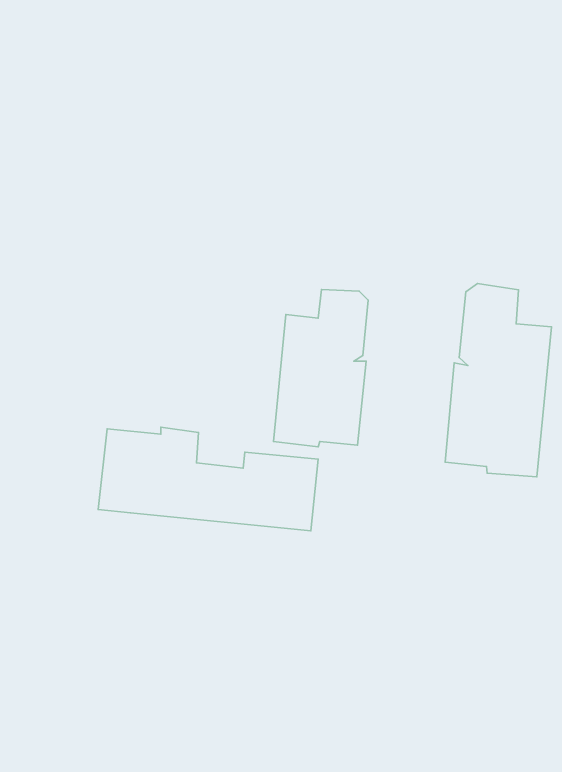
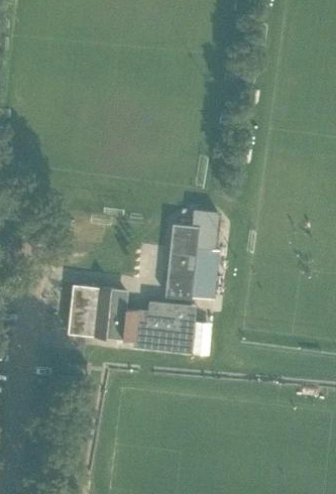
building: [445,283,552,477] -> none

